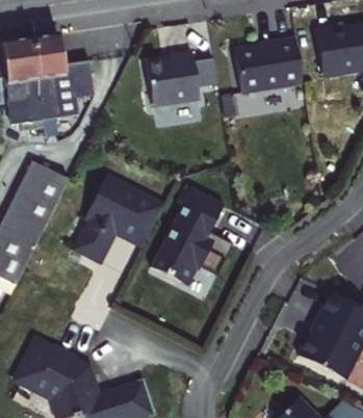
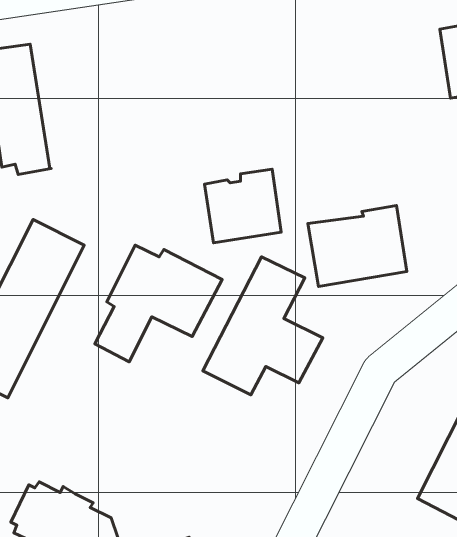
building: [32,36,97,136] -> none
building: [235,37,304,94] -> [308,206,407,286]
building: [147,53,200,104] -> [205,169,281,243]

